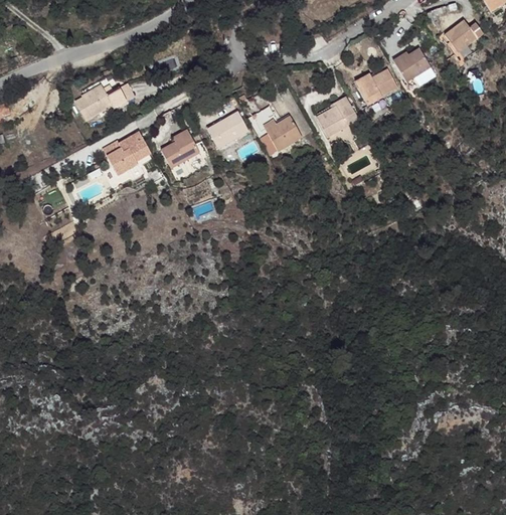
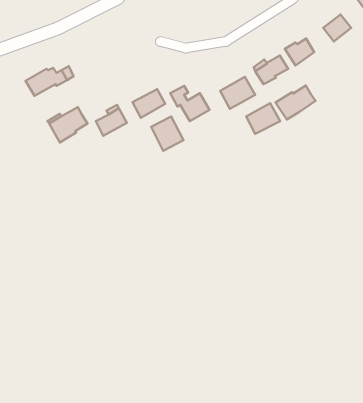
building: none -> [276,86,315,120]
building: none -> [246,103,280,134]
building: none -> [151,117,184,151]

